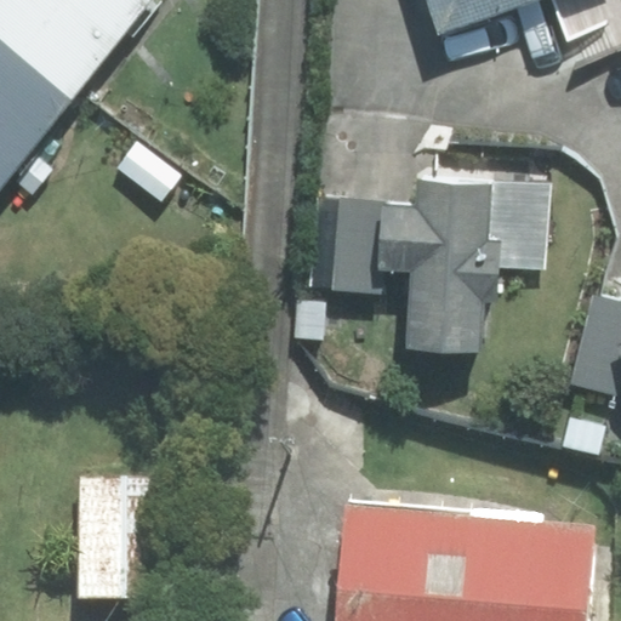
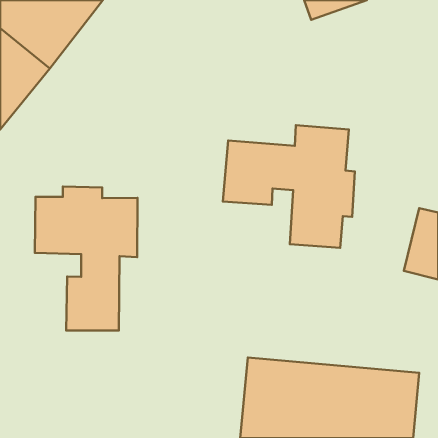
building: none -> [35,186,138,331]
building: [81,477,154,597] -> none

